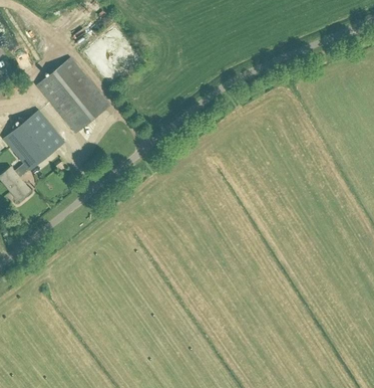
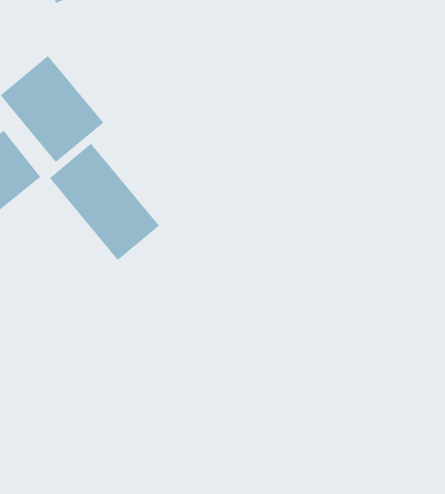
building: none -> [49,143,160,261]

